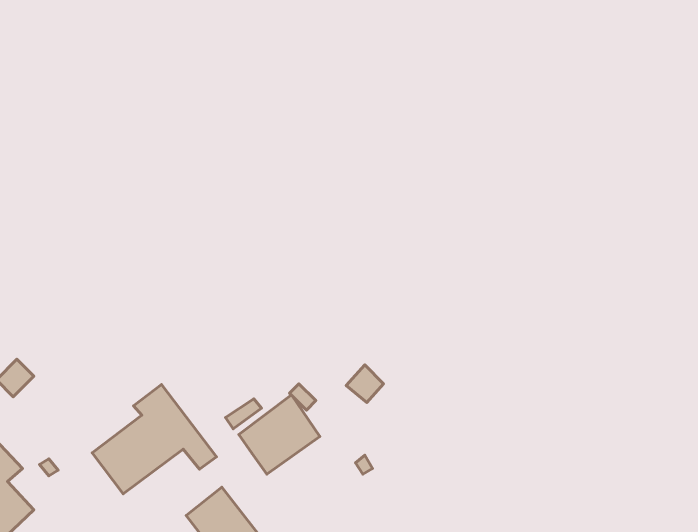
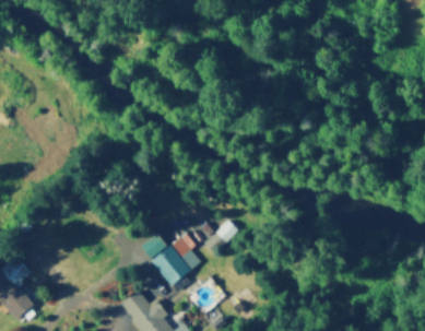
building: [92,385,217,494] -> none

